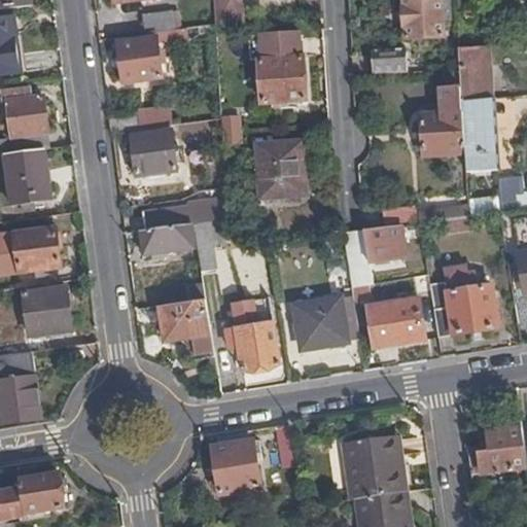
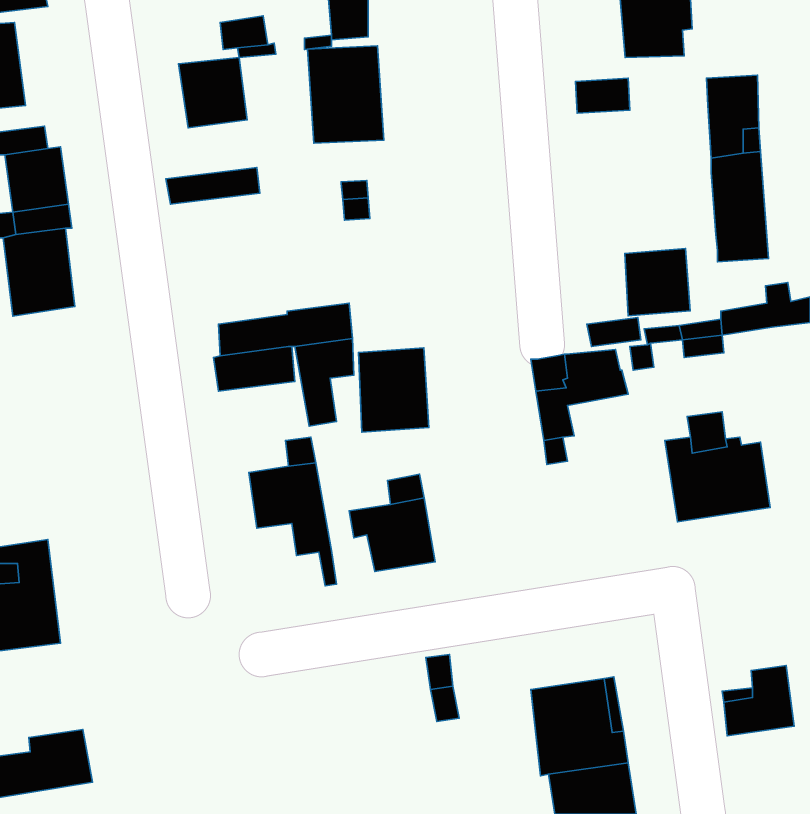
building: [257,39,307,102] -> [307,46,384,143]
building: [420,111,462,154] -> [625,249,690,316]
building: [130,130,176,174] -> none
building: [258,142,304,197] -> [359,348,429,432]
building: [11,227,58,272] -> none
building: [22,286,69,335] -> none
building: [294,297,347,348] -> none
building: [367,298,424,346] -> none
building: [211,429,259,491] -> none

